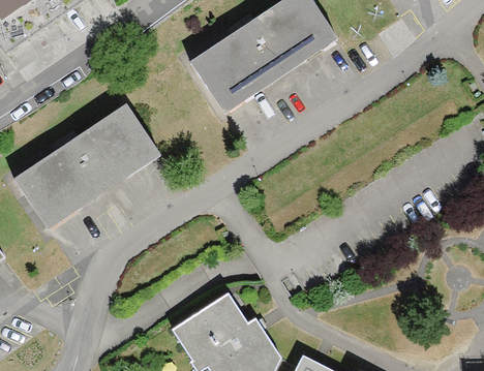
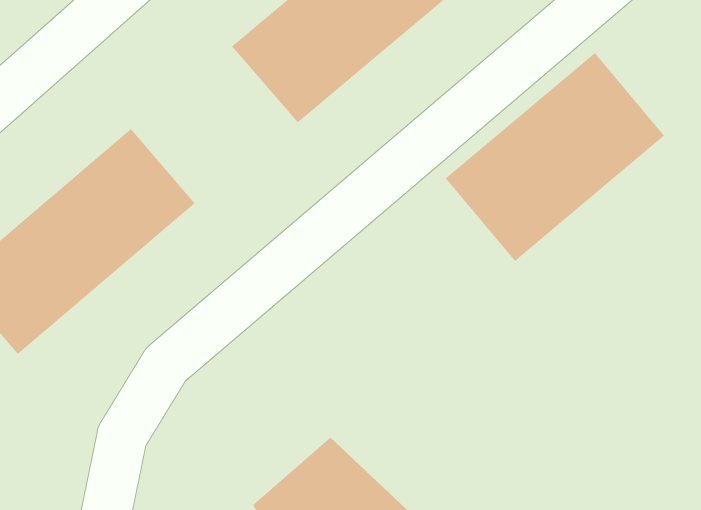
building: none -> [445,52,665,262]

